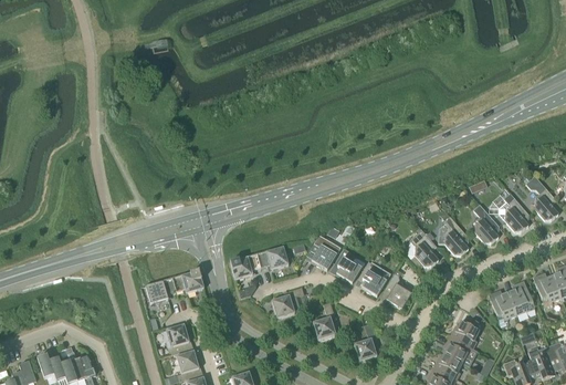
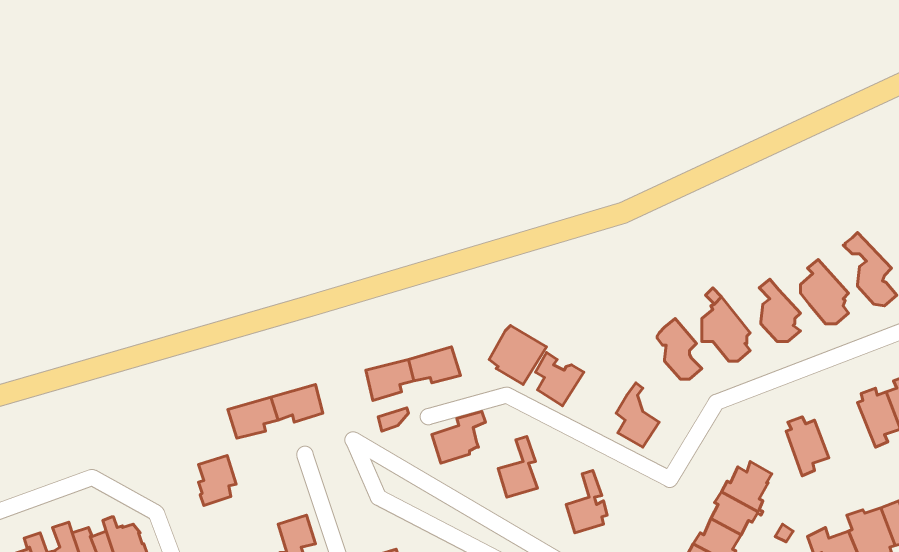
building: [359,260,390,295] -> none
building: [507,281,536,314] -> none
building: [166,323,189,354] -> [199,455,236,506]

